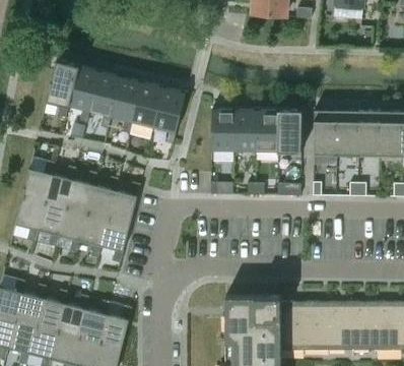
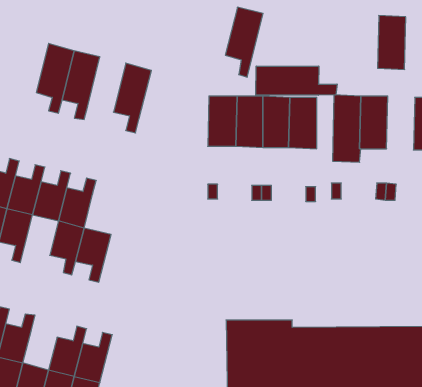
building: [45,61,78,119] -> none
building: [111,77,142,135] -> none
building: none -> [256,66,337,95]
building: [153,88,185,146] -> [225,7,263,77]
building: [358,110,382,155] -> [378,16,406,69]
building: [108,183,139,225] -> none
building: [58,208,86,253] -> none
building: [57,296,88,338] -> none

